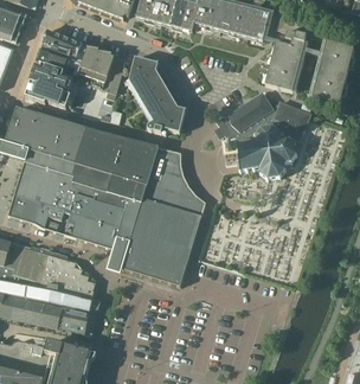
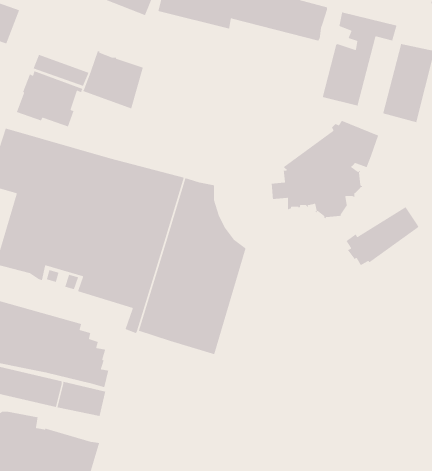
building: [41,28,86,63] -> none
building: [128,56,185,133] -> none
building: [214,92,272,140] -> [345,206,419,266]

